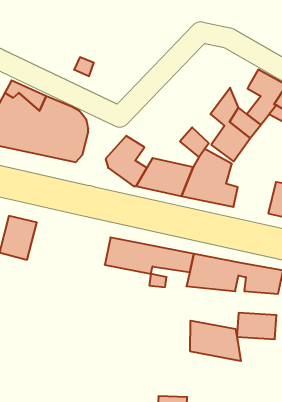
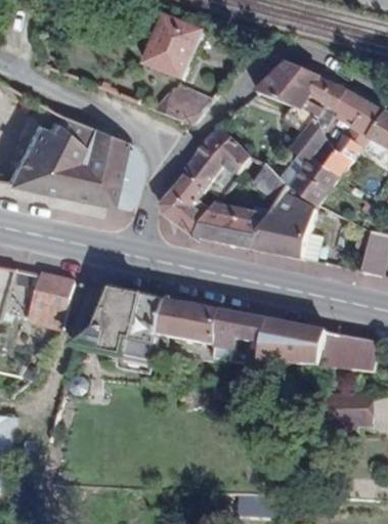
building: none -> [144,12,202,76]
building: none -> [258,61,349,116]
building: none -> [157,82,212,124]
building: none -> [181,126,250,187]
building: none -> [79,288,166,359]
building: [190,321,241,361] -> none

